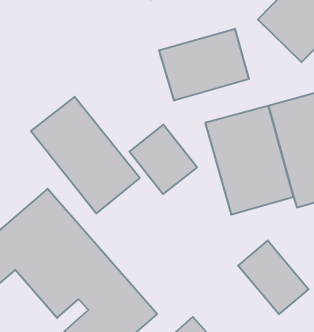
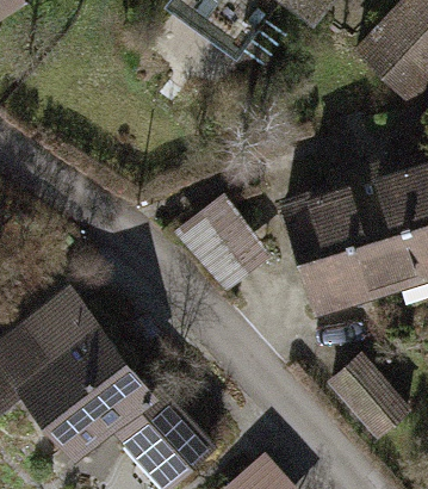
building: [159,29,249,101] -> none
building: [31,97,140,213] -> none

